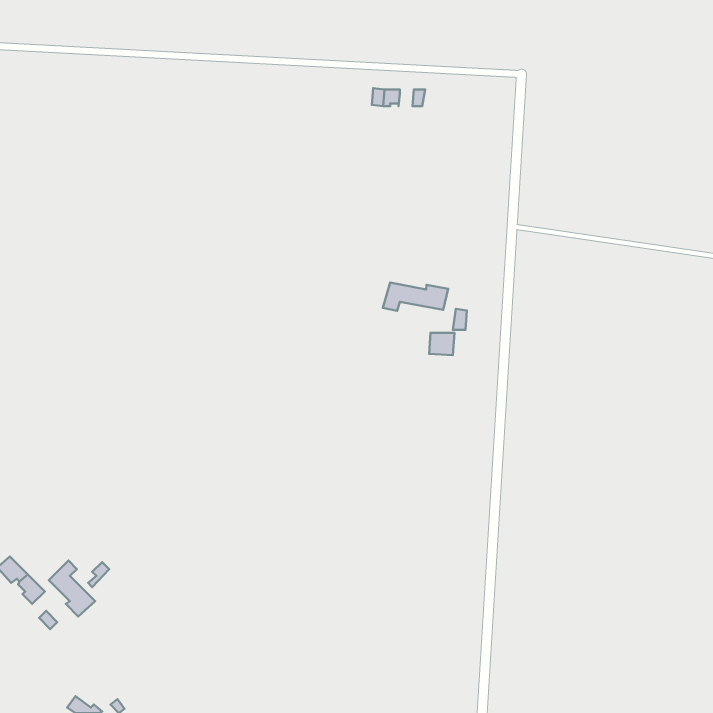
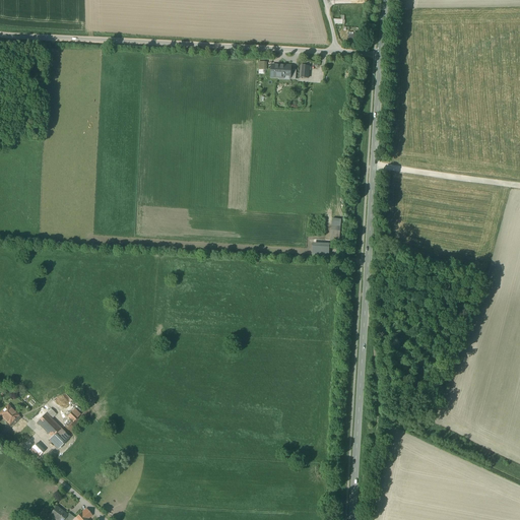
building: [383,283,448,311] -> none

